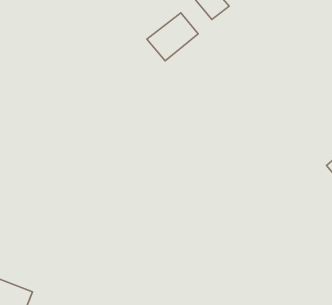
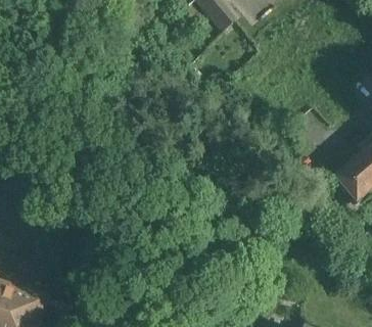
building: [147,13,198,61] -> none

